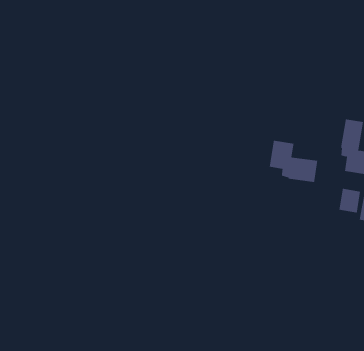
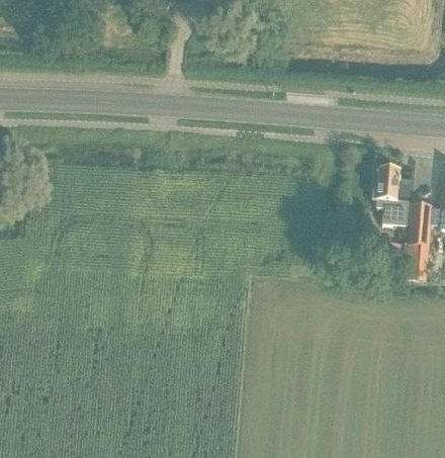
building: [269,140,318,183] -> none

